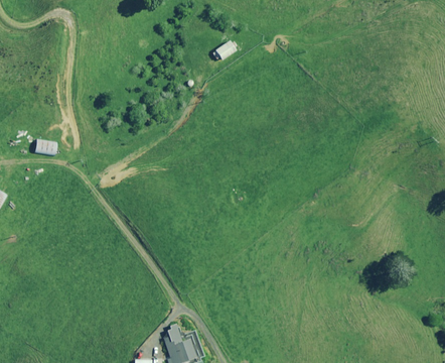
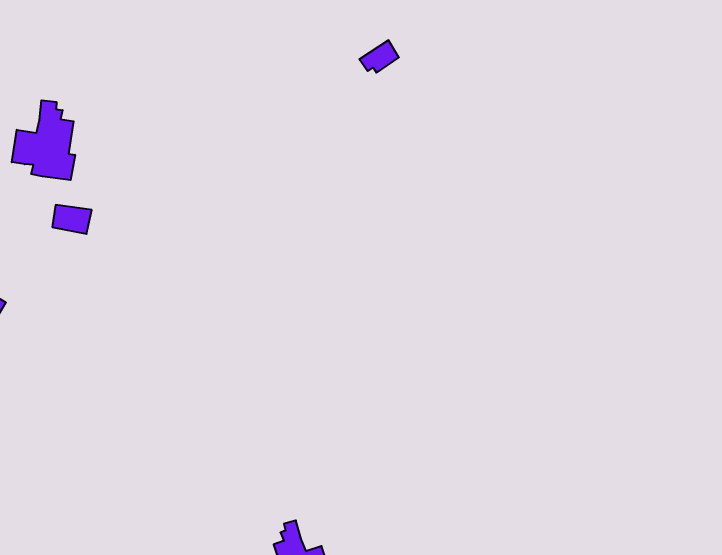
building: none -> [12,100,75,180]

